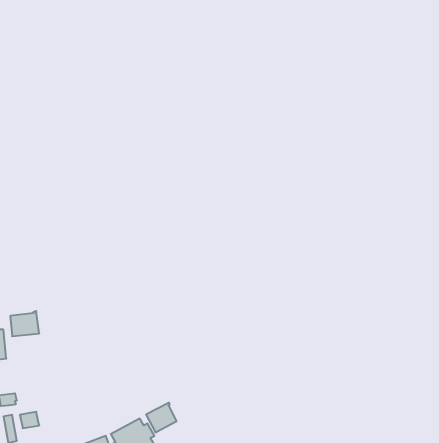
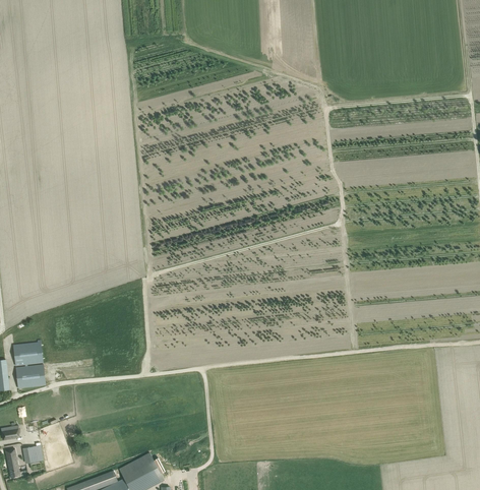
building: none -> [16,364,46,388]
building: [146,403,176,433] -> none

